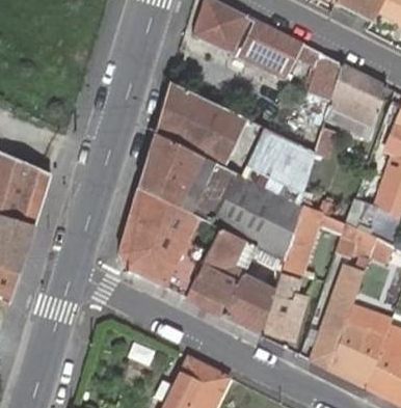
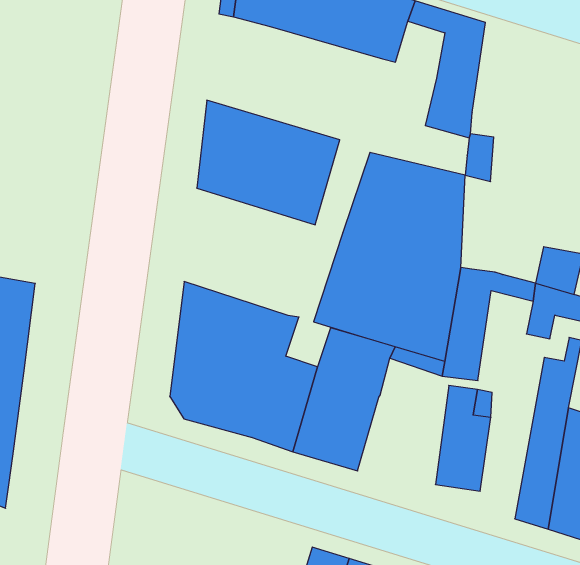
building: [325,63,386,138] -> none
building: [138,133,237,223] -> none
building: [222,274,274,334] -> none

